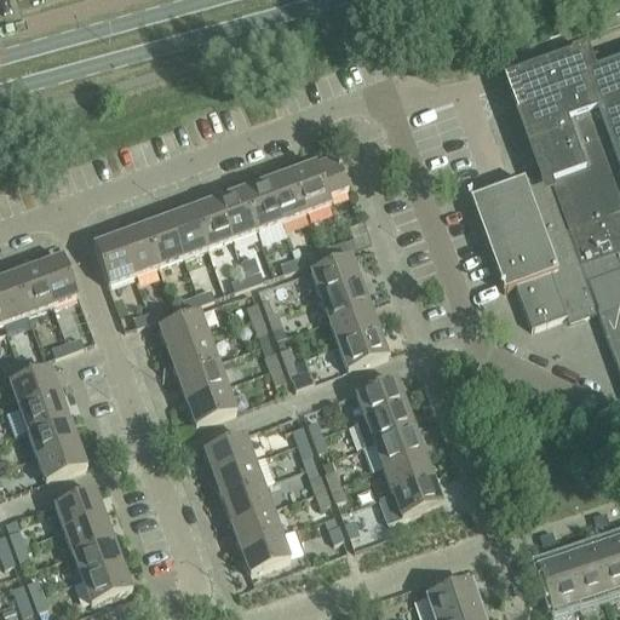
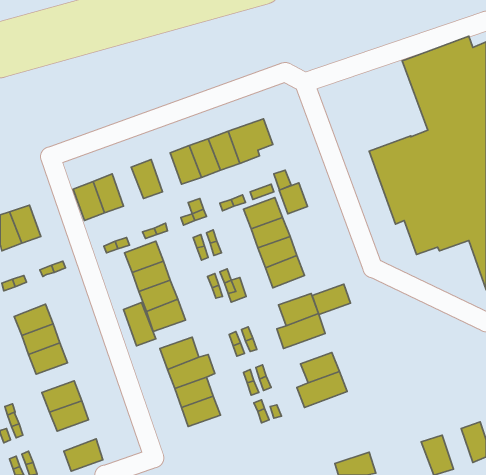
building: [193,195,231,245] -> none
building: [143,213,183,263] -> none
building: none -> [279,183,308,214]
building: [38,252,78,302] -> none
building: [8,362,58,403] -> none
building: none -> [124,302,156,346]
building: [374,425,423,464] -> [312,284,350,314]
building: [240,529,289,570] -> none
building: [73,535,122,575] -> none
building: [563,546,602,598] -> none

